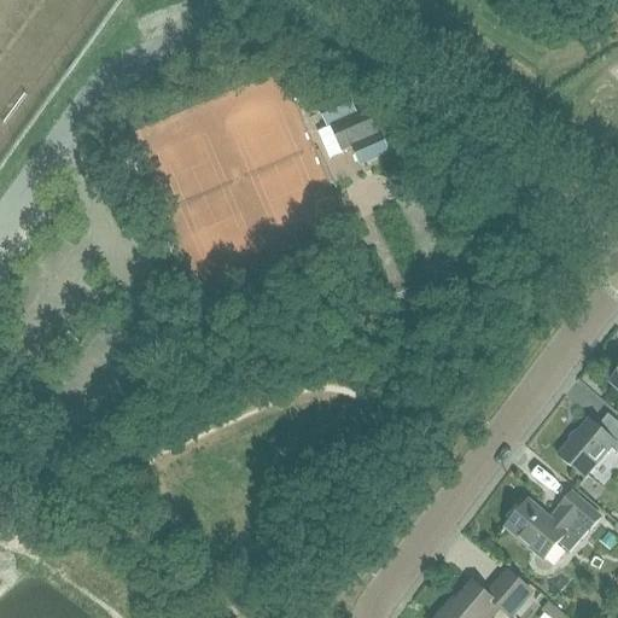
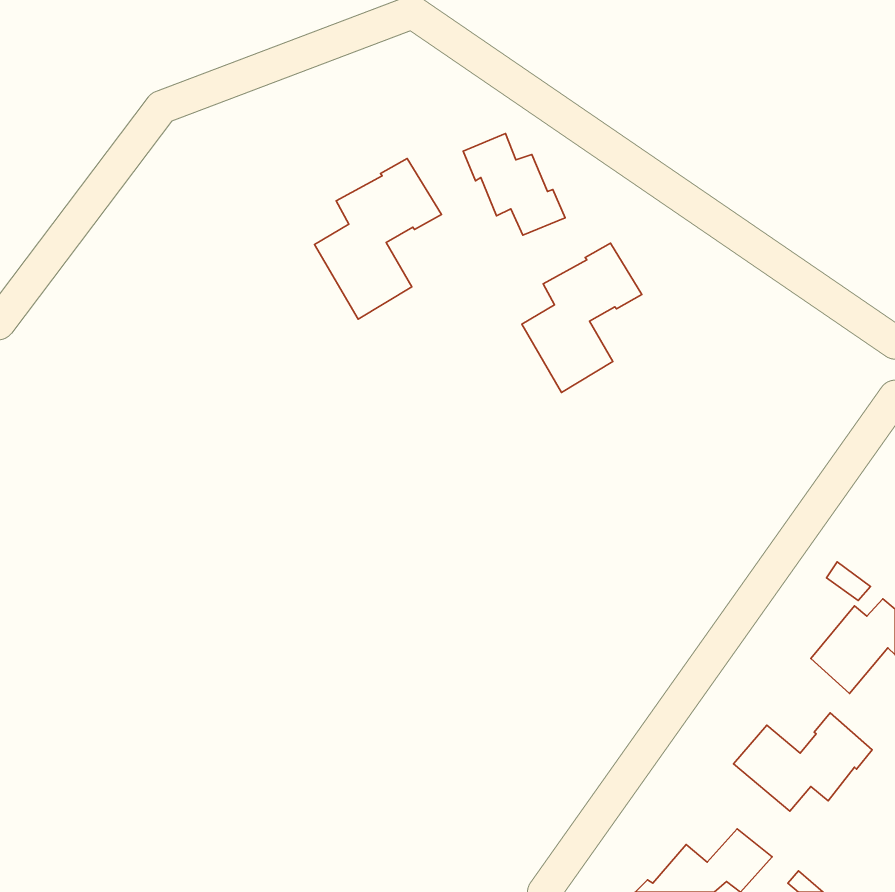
building: none -> [315,158,441,319]
building: none -> [522,243,642,392]

